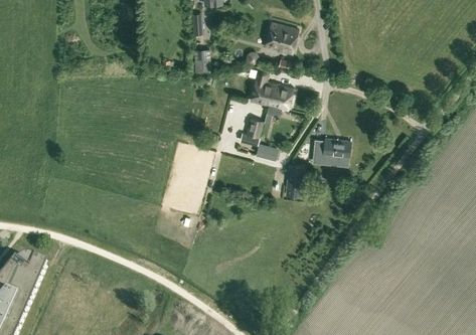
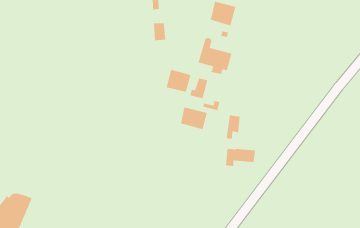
building: none -> [166,69,191,92]
building: [311,139,349,162] -> [225,148,256,167]
building: none -> [180,106,208,130]

